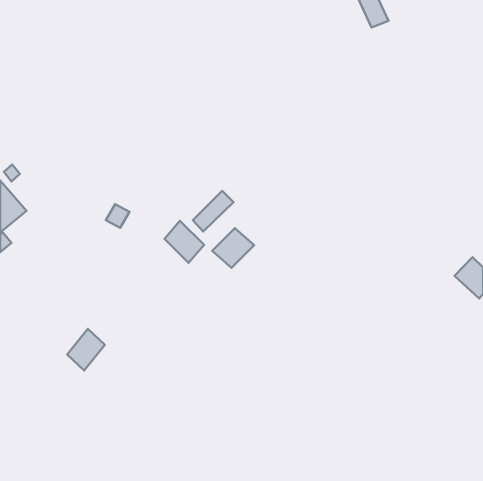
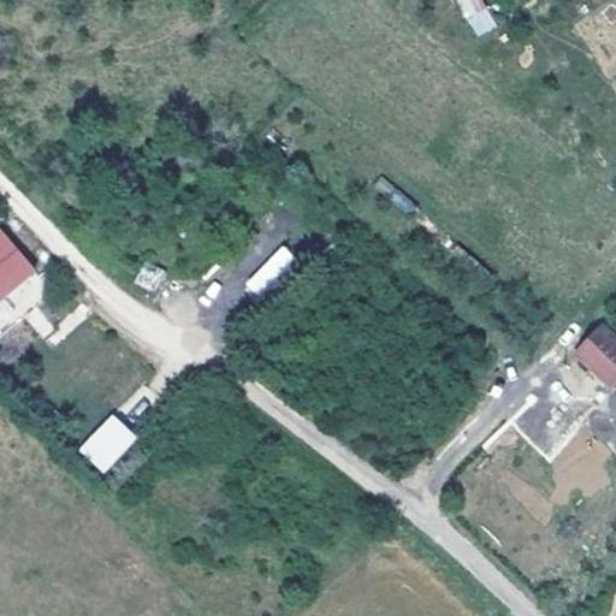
building: [164,221,204,263] -> none
building: [212,228,254,268] -> none

